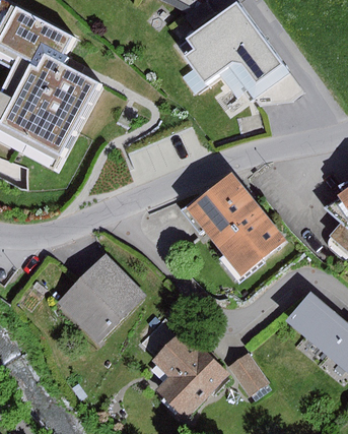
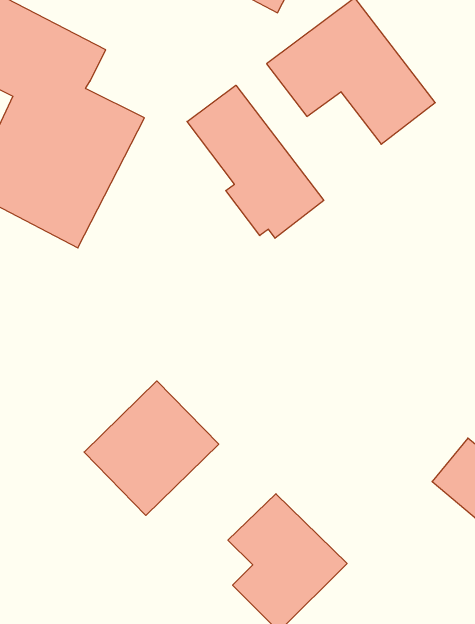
building: none -> [187,85,324,238]
building: [187,173,285,275] -> none
building: [229,352,268,395] -> none

